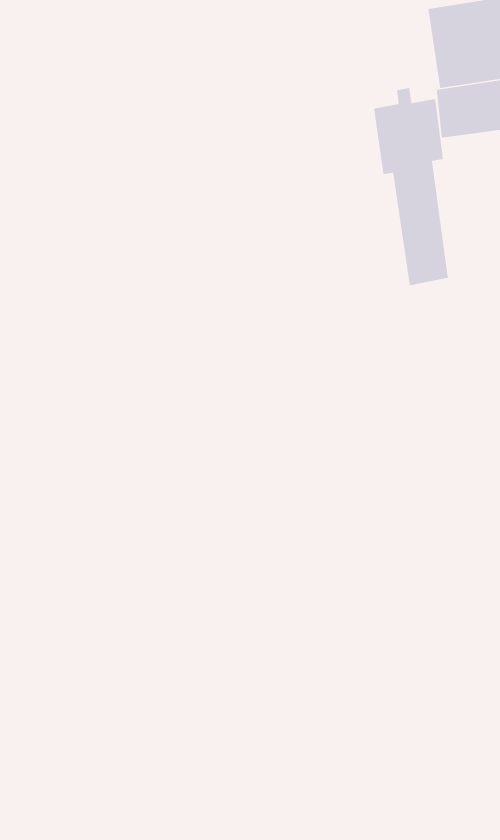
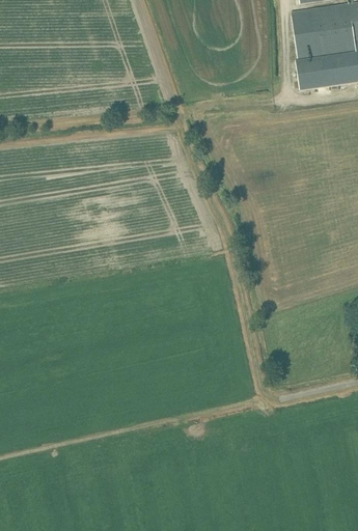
building: [373,87,449,286] -> none

